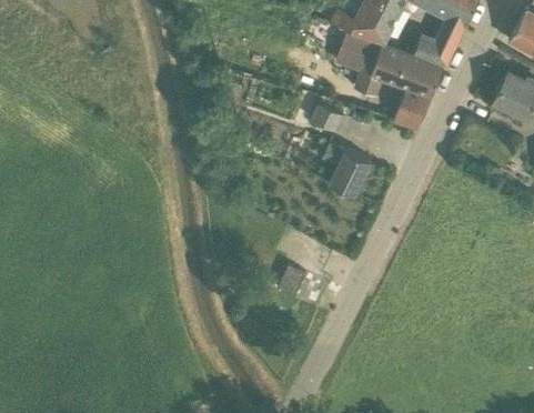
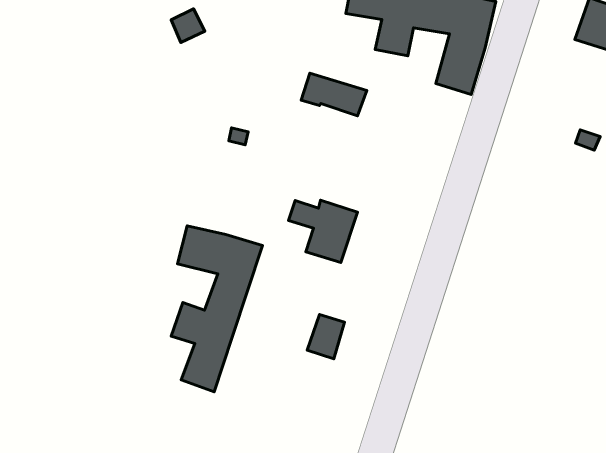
building: [322,145,371,193] -> [288,200,358,263]
building: none -> [171,226,262,392]

